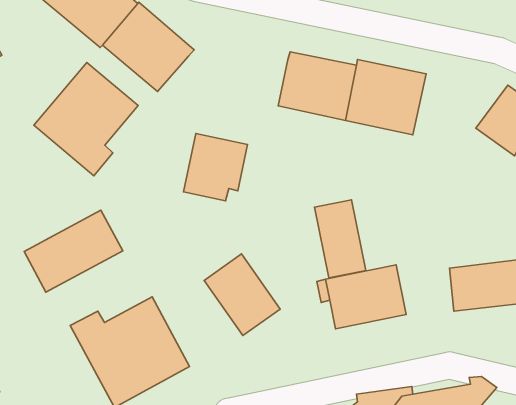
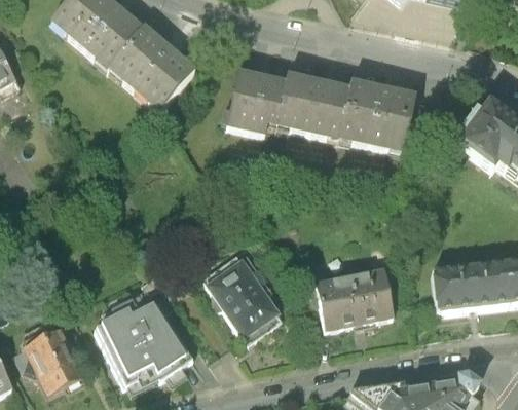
building: [34,63,138,176] -> none
building: [184,133,248,201] -> [225,67,285,129]
building: [314,200,366,278] -> none
building: [24,210,123,292] -> none
building: none -> [31,331,88,393]

